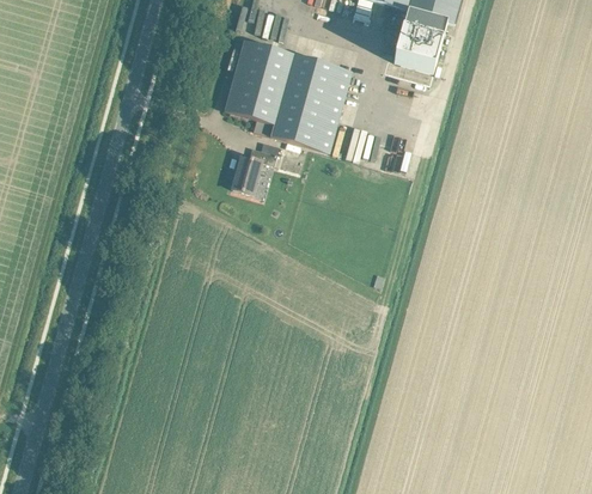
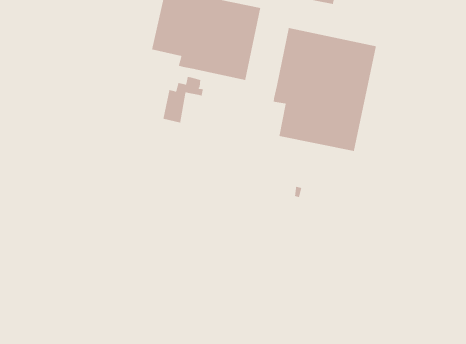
building: none -> [273,27,377,152]

